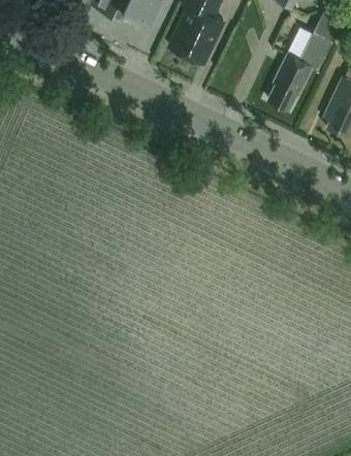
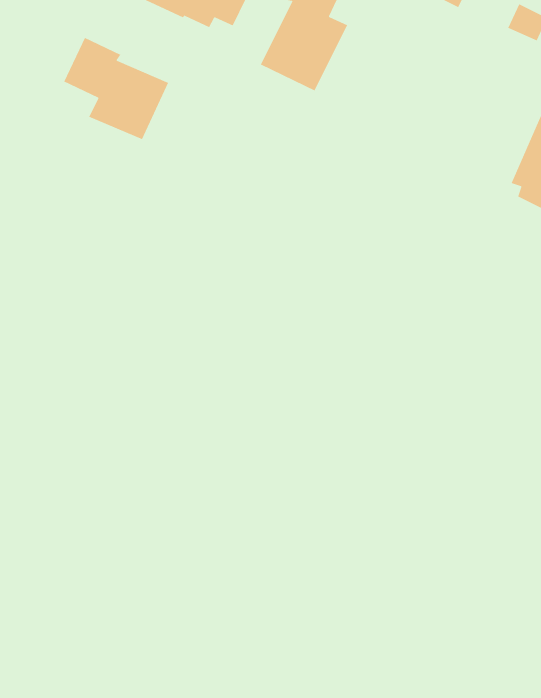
building: none -> [63,37,169,140]
building: [267,32,331,108] -> none

